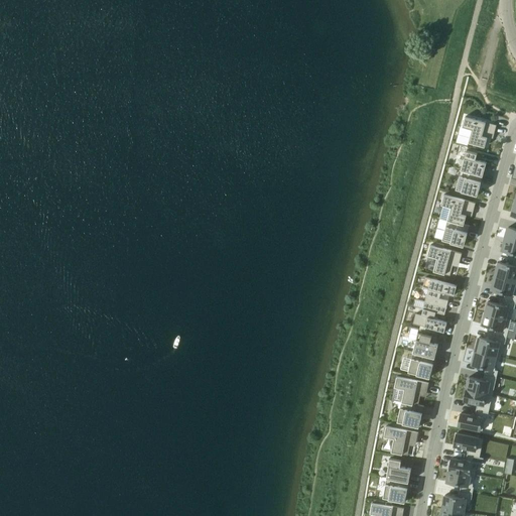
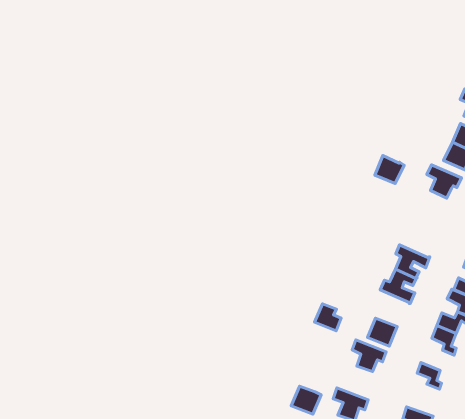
building: [441,221,469,246] -> [375,156,404,183]
building: [426,246,461,276] -> none
building: [412,334,437,358] -> [315,304,341,331]
building: [464,374,494,393] -> none
building: [396,402,423,427] -> [291,386,321,414]
building: [456,409,485,429] -> none

